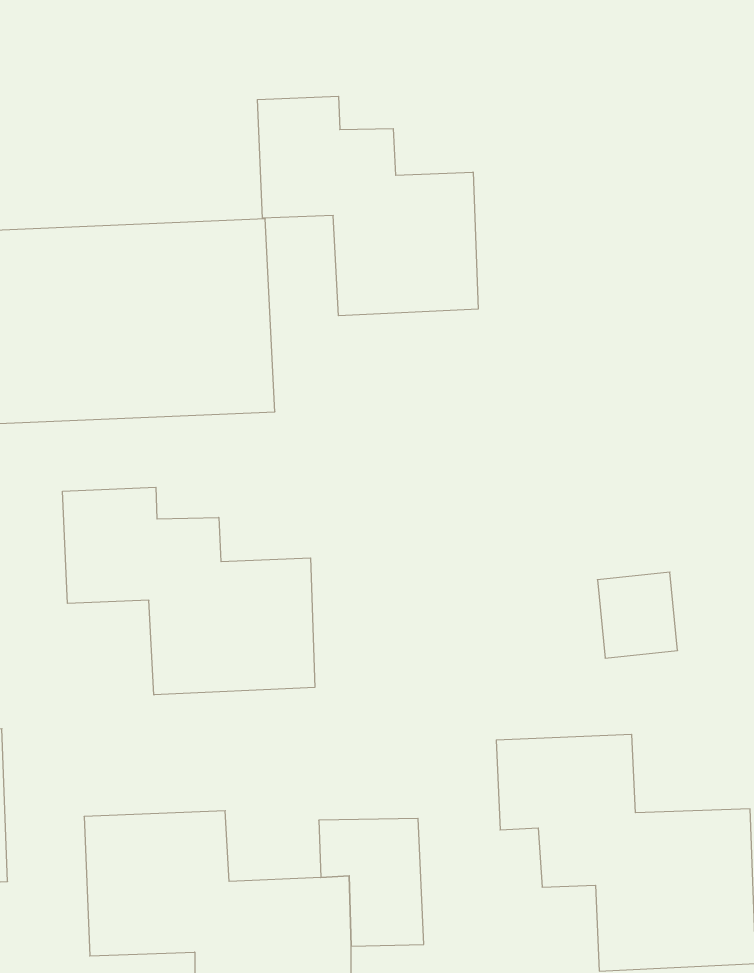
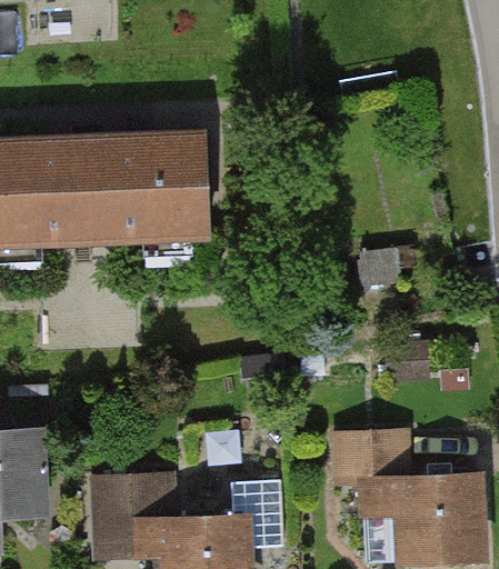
building: [257,96,478,316] -> none
building: [63,487,315,695] -> none

